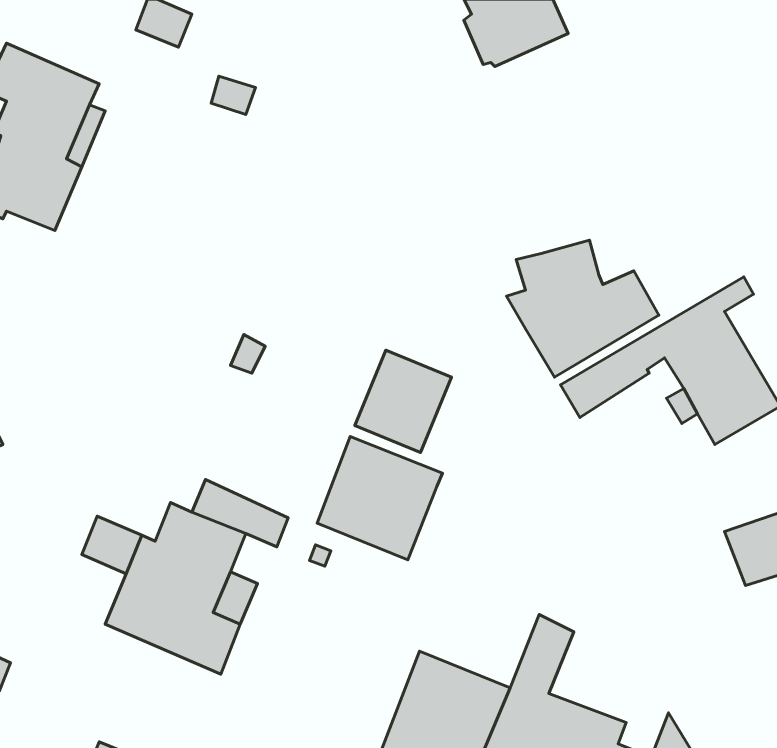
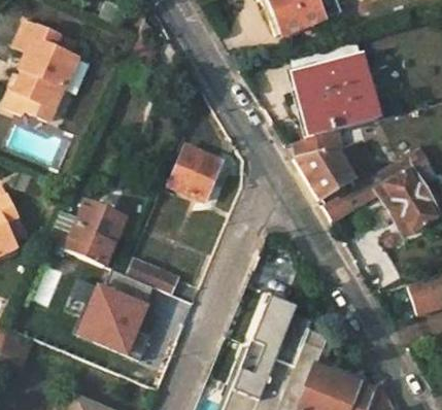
building: none -> [293,56,376,136]
building: [355,350,451,453] -> [169,146,220,201]
building: none -> [47,199,125,268]
building: [317,436,443,560] -> [246,302,313,368]

